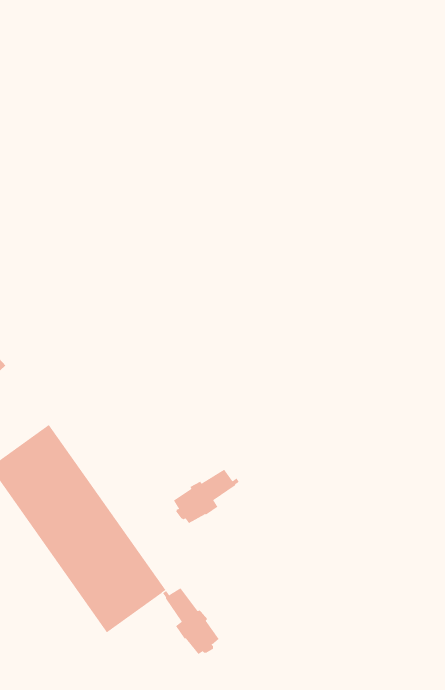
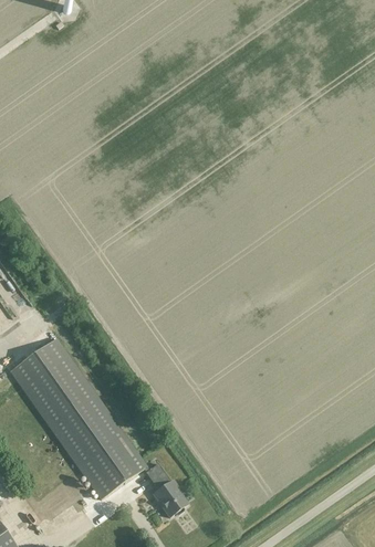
building: [173,469,240,524] -> none

